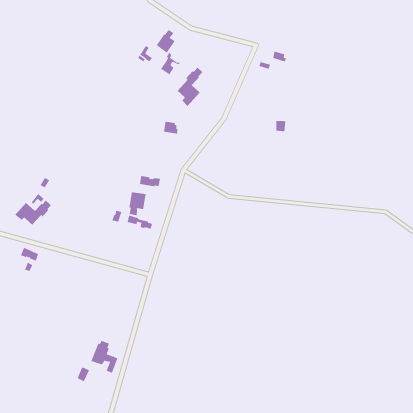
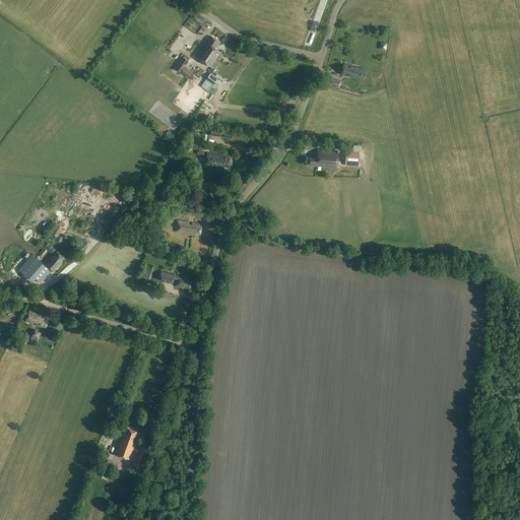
building: [177,67,203,107] -> none
building: none -> [309,149,337,168]
building: [129,192,146,216] -> none

